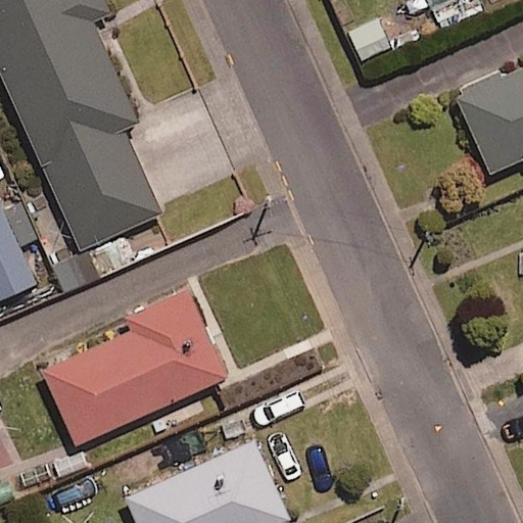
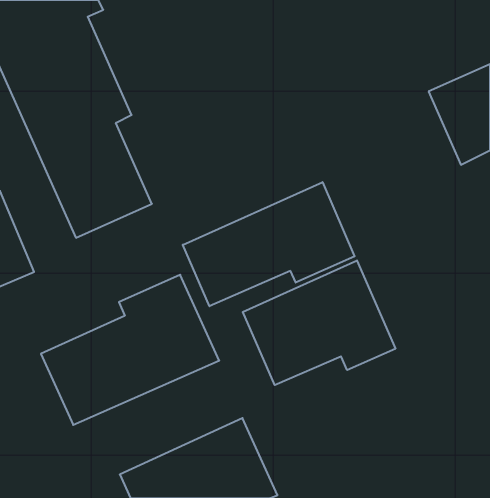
building: none -> [183,182,355,306]
building: none -> [243,260,395,385]

